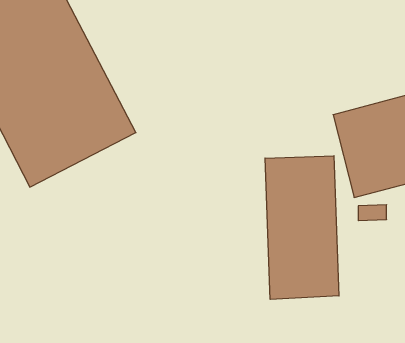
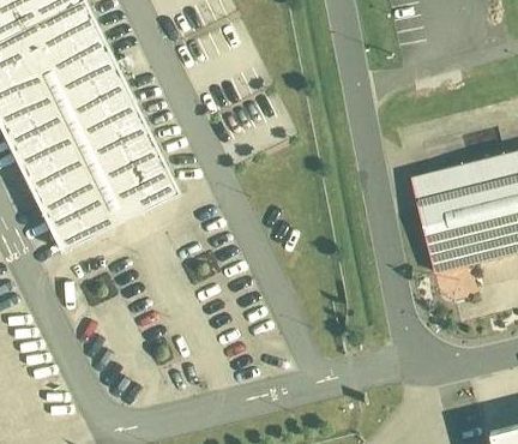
building: [265,156,339,299] -> none

